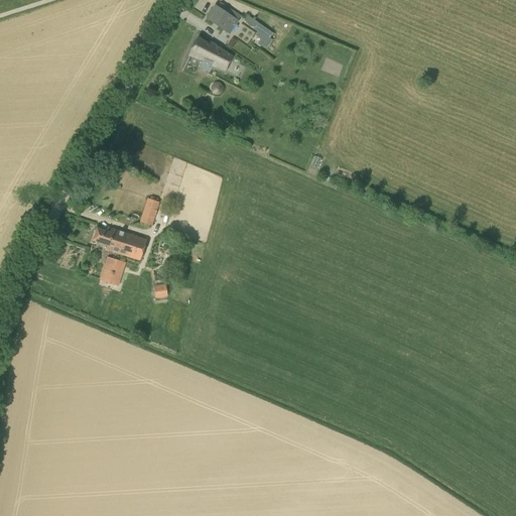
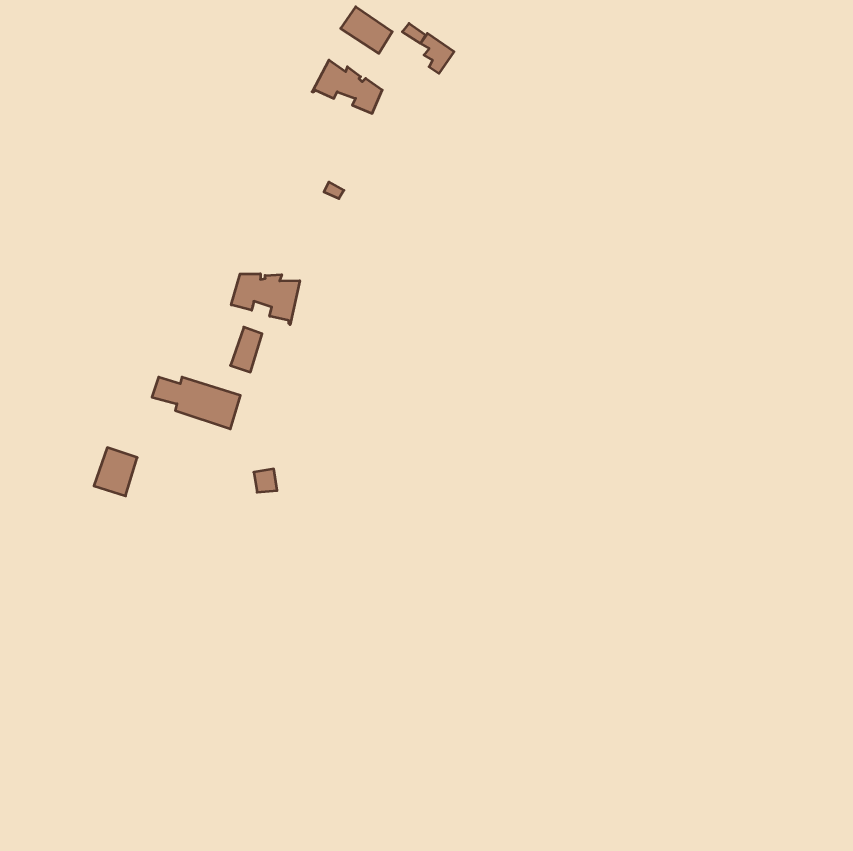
building: none -> [231,274,300,325]
building: [99,256,125,285] -> [94,448,137,496]

